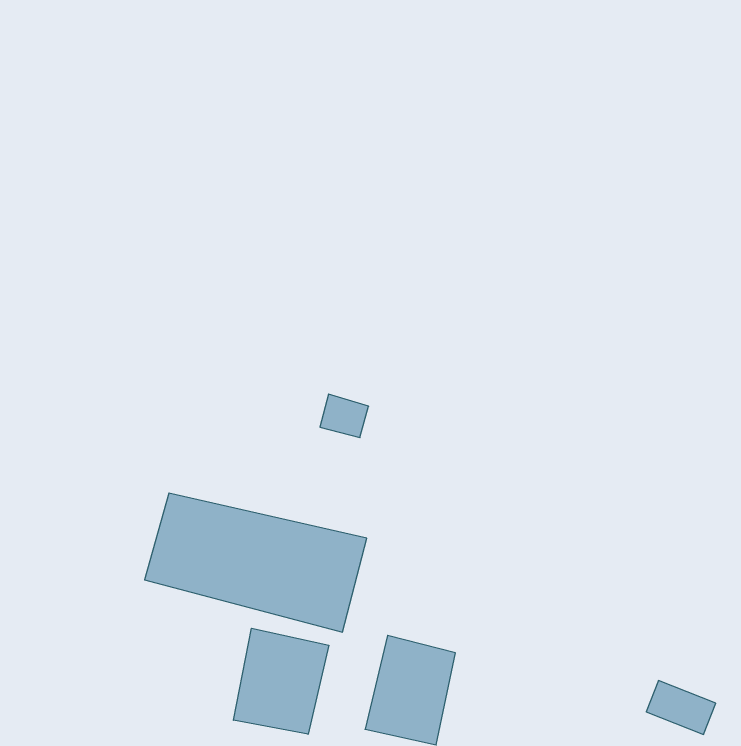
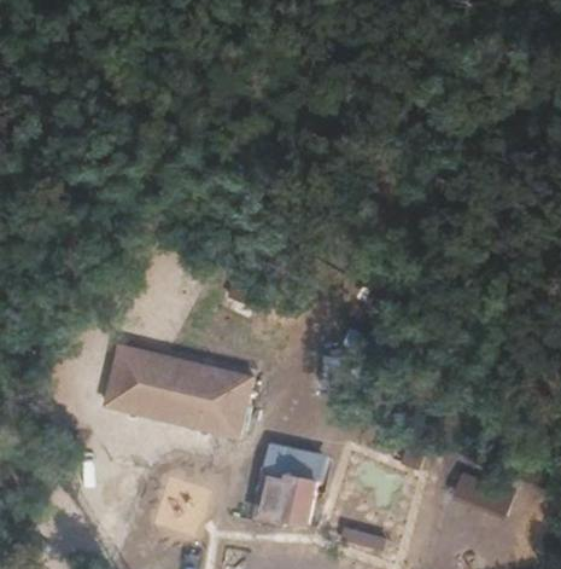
building: [233,628,329,734] -> none

